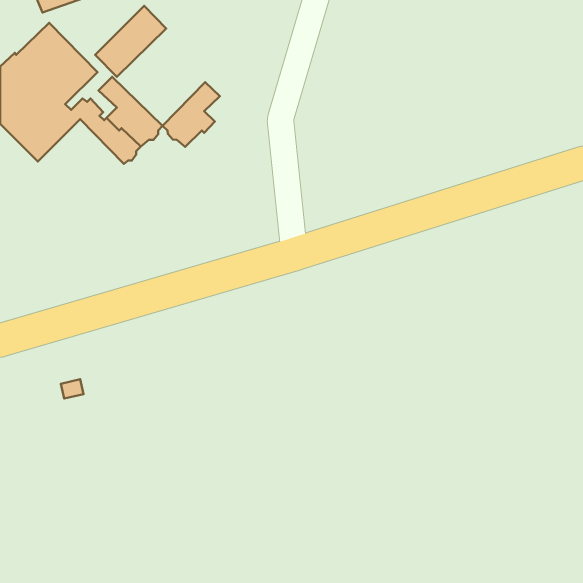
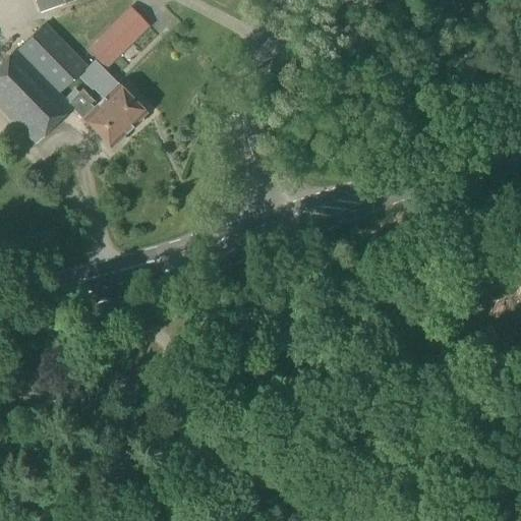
building: [163,82,220,147] -> none

